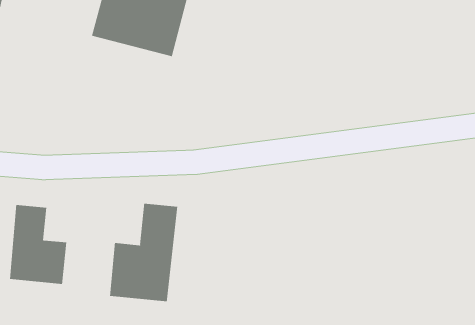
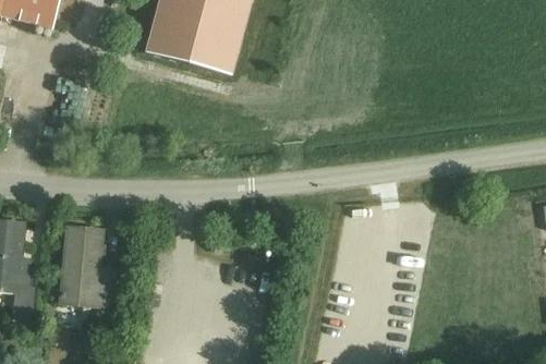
building: [109,203,178,302] -> none

